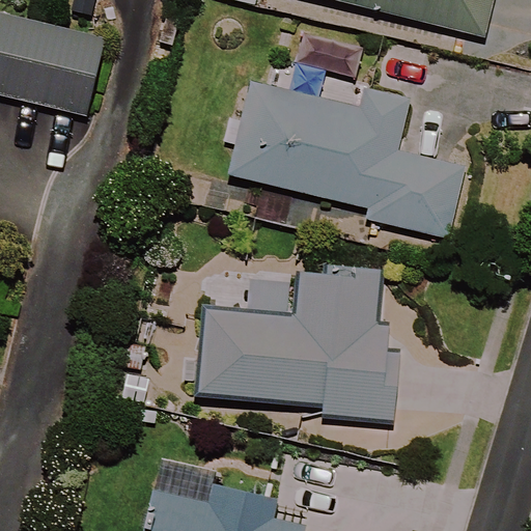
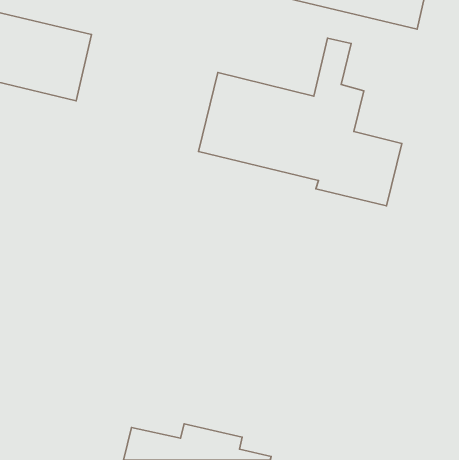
building: [198,274,401,420] -> none

